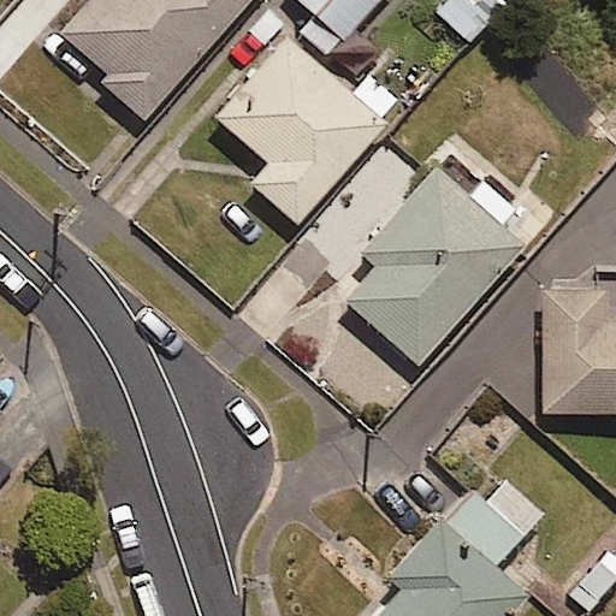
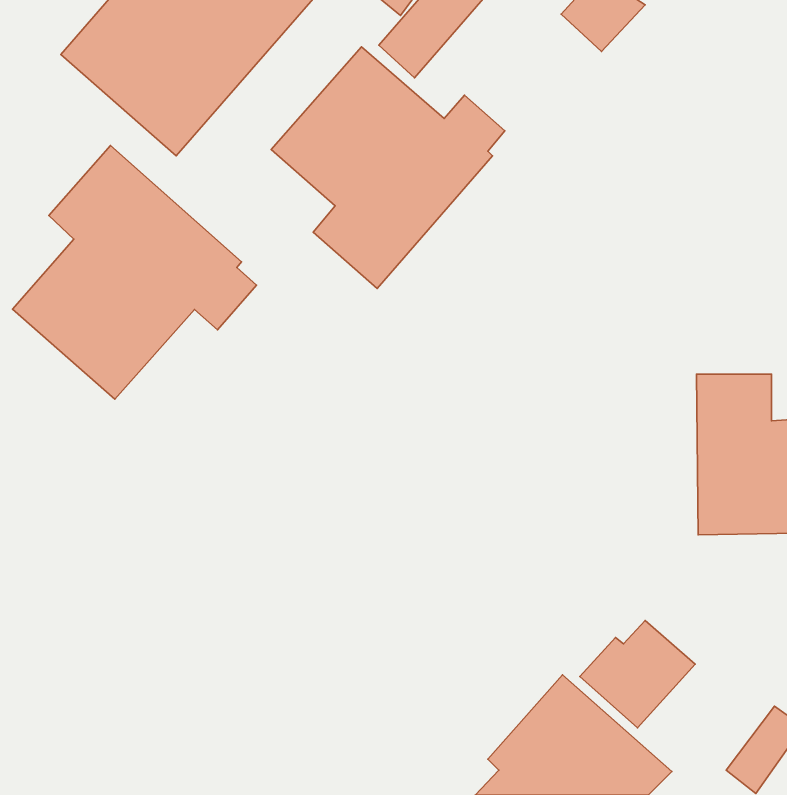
building: none -> [12,146,256,399]
building: [333,168,523,362] -> none

